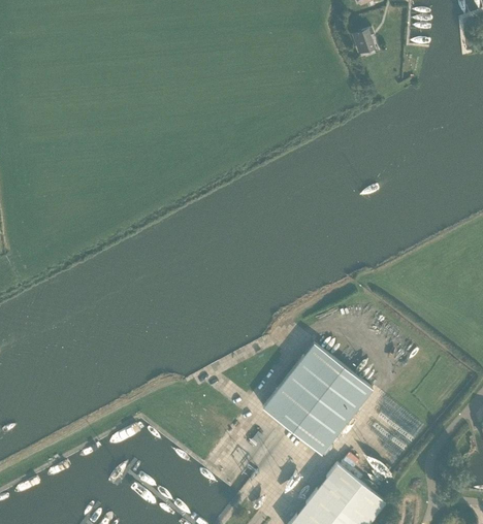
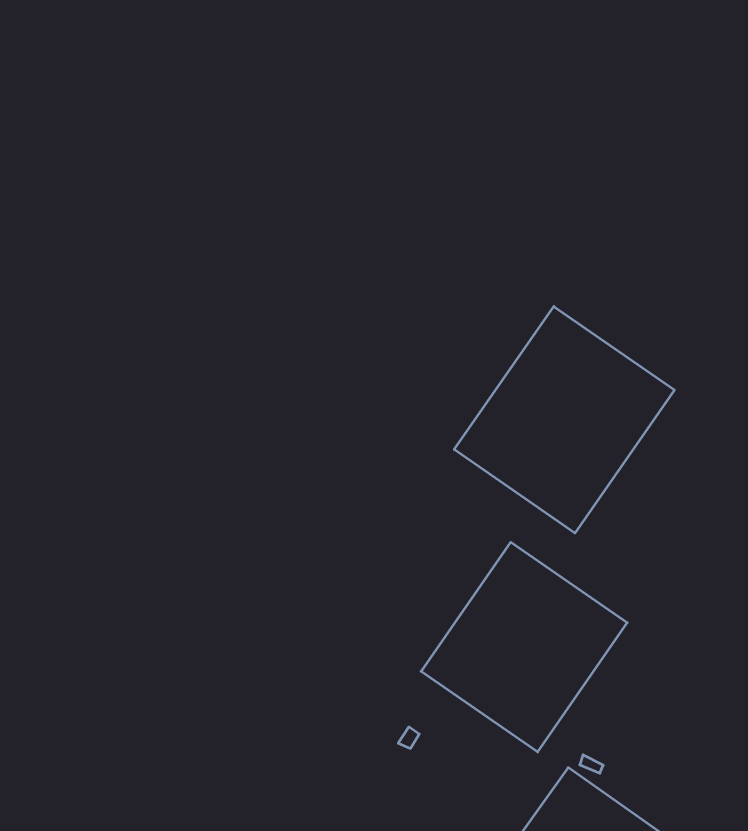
building: none -> [454,306,674,533]

